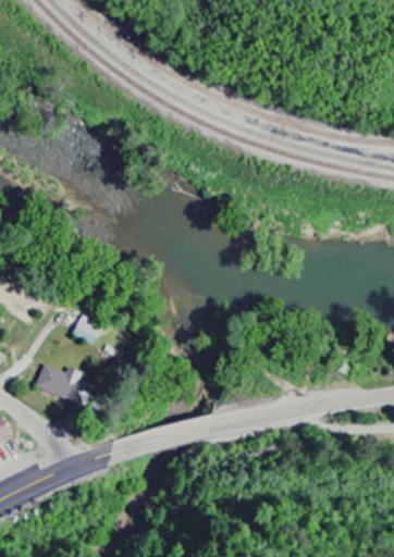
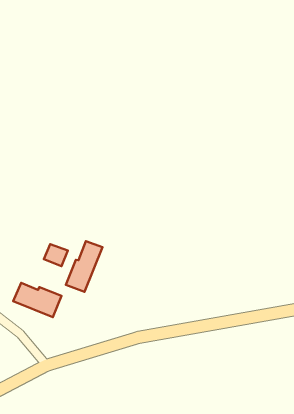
building: none -> [66,241,102,292]

